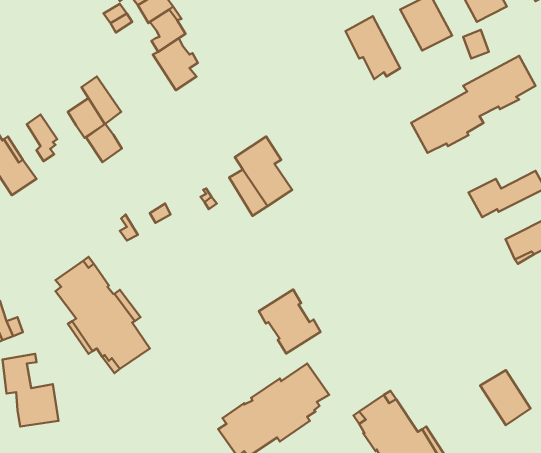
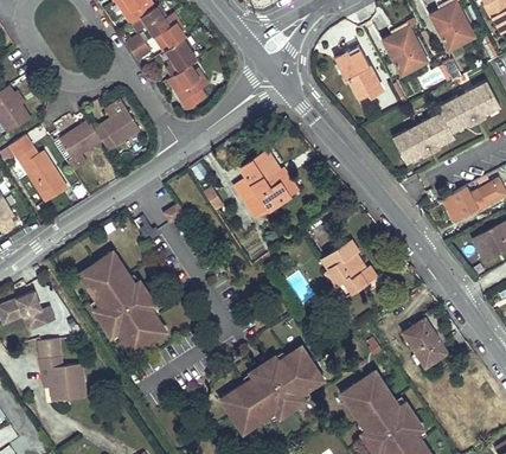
building: [86,124,122,162] -> [71,120,102,153]
building: [259,289,320,354] -> [322,241,376,296]
building: [480,370,531,425] -> [403,320,447,367]

